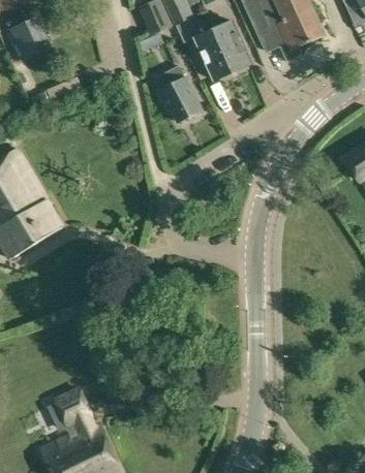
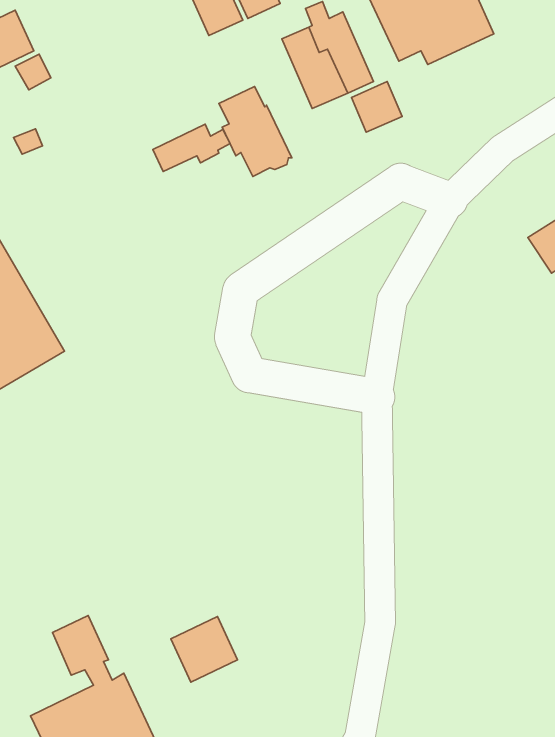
building: none -> [351,82,402,132]
building: none -> [153,124,230,171]
building: none -> [171,616,238,682]

